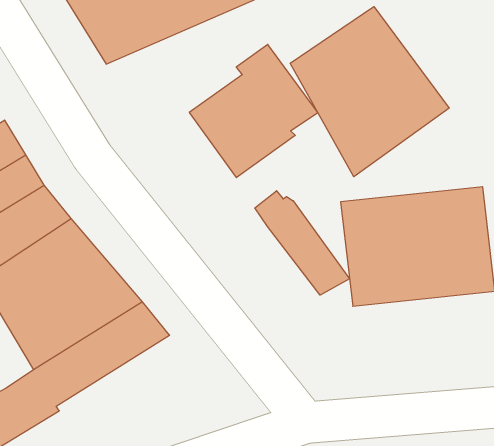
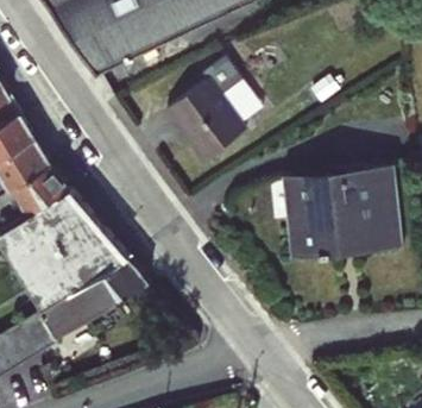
building: [290,7,449,177] -> none
building: [255,191,349,295] -> none

